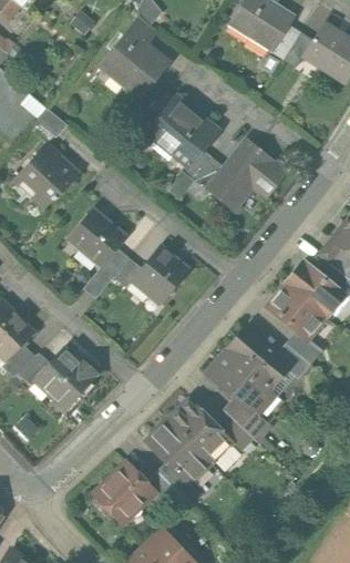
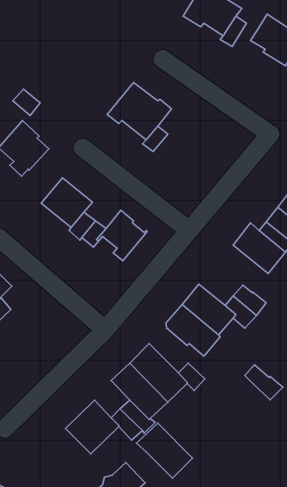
building: [103,18,168,102] -> none
building: [207,140,286,207] -> none
building: [267,285,325,339] -> none
building: [34,345,94,405] -> none
building: [224,397,267,437] -> [245,365,283,400]
building: none -> [137,423,192,478]

